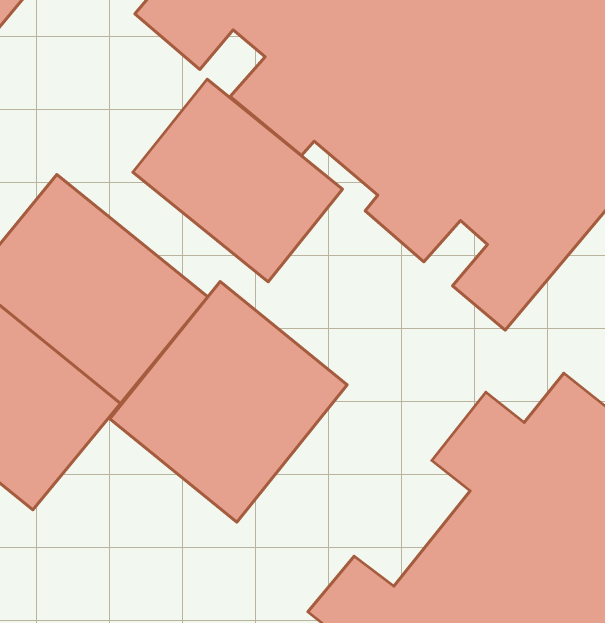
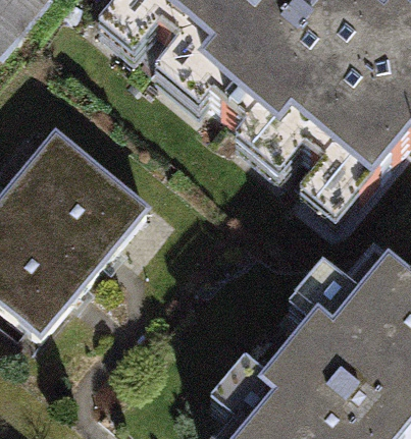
building: [133,79,343,282] -> none
building: [110,282,347,522] -> none

